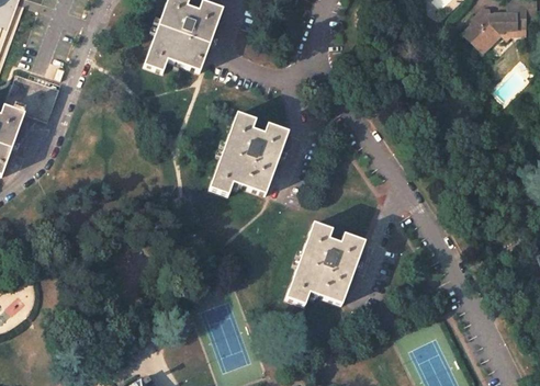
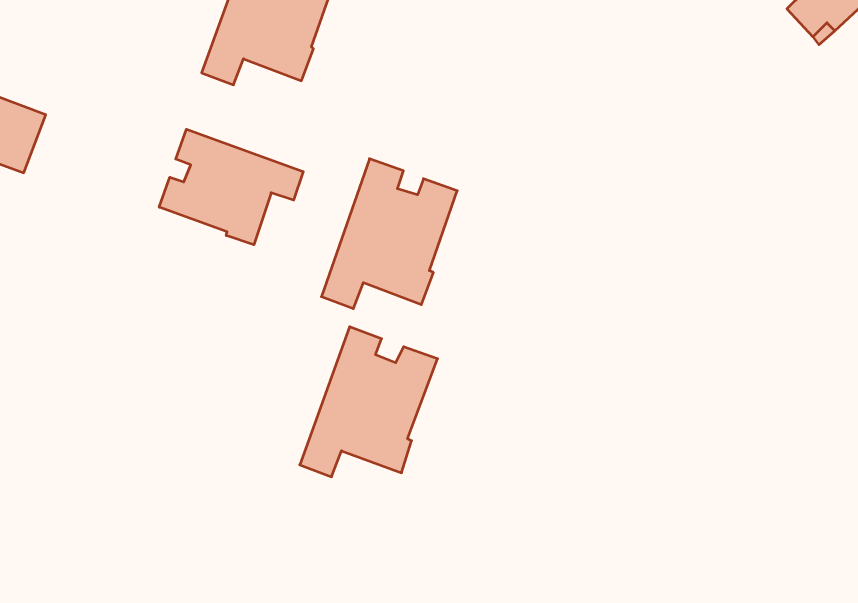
building: none -> [159,129,303,245]
building: [286,222,362,304] -> [300,327,438,477]

